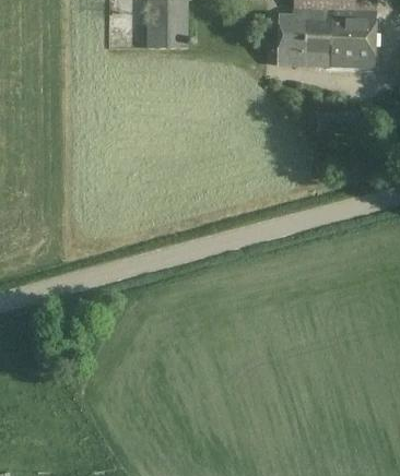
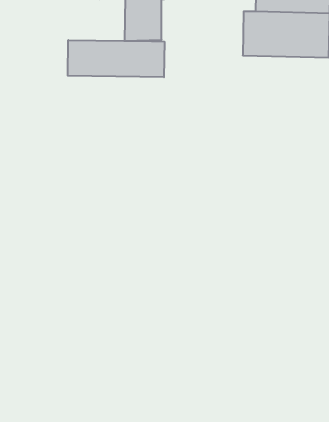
building: none -> [68,40,164,77]

